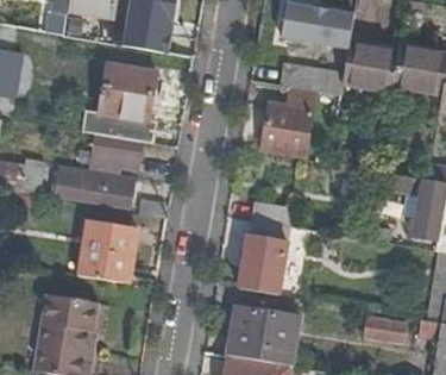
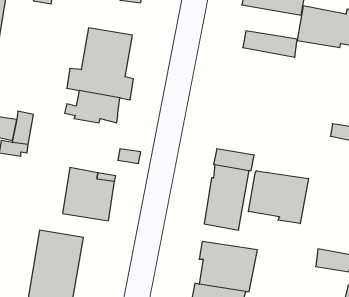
building: [262,88,314,156] -> none
building: [55,168,136,207] -> none
building: none -> [248,171,309,224]

